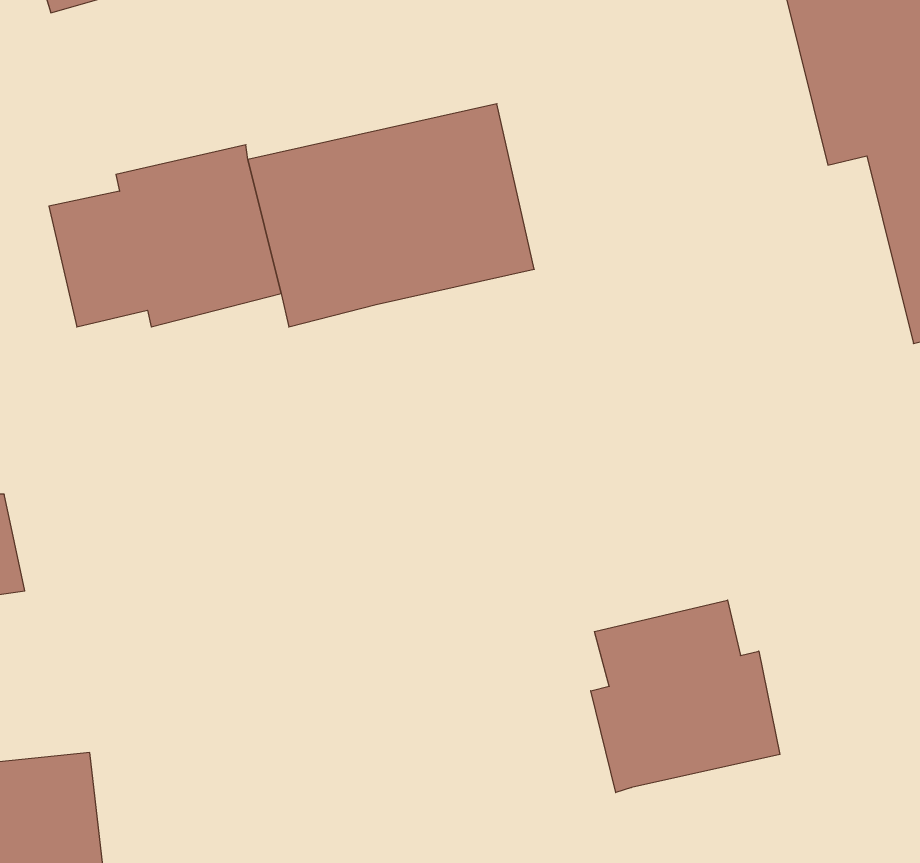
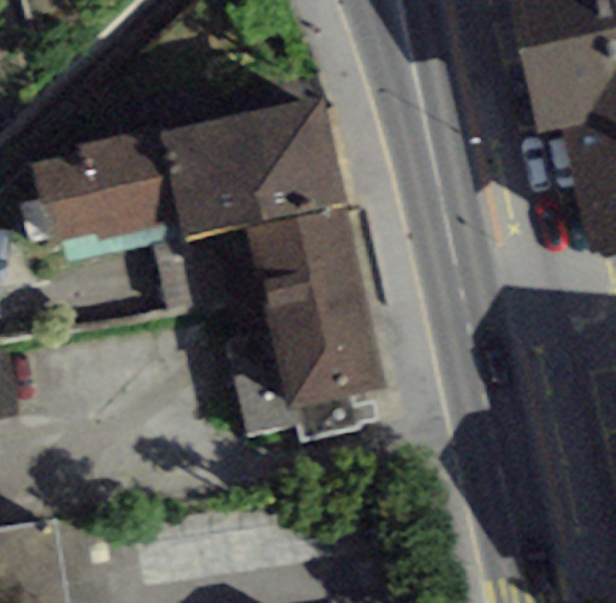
building: none -> [227,203,389,438]
building: [591,600,780,793] -> none

